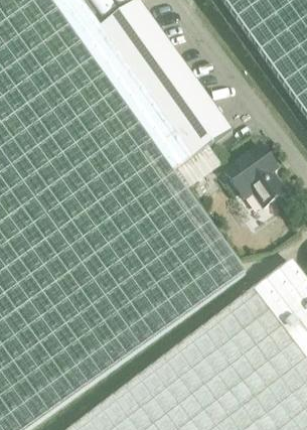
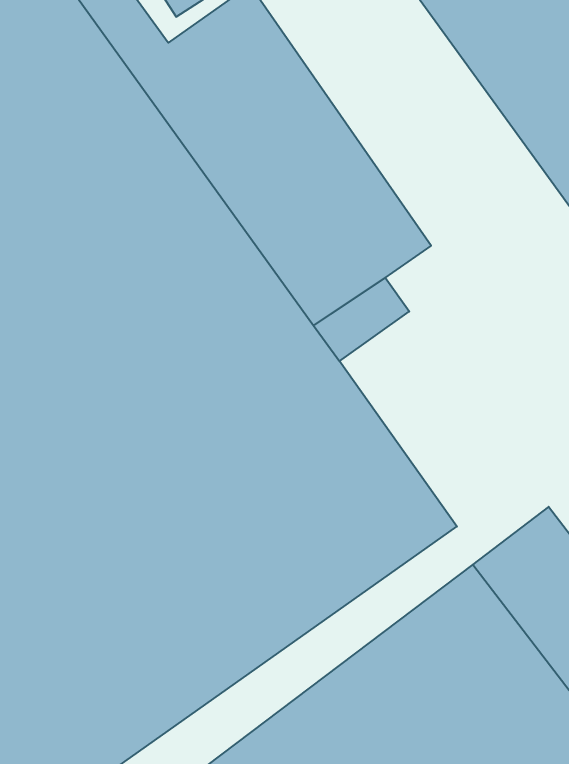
building: [223,146,284,208] -> none

